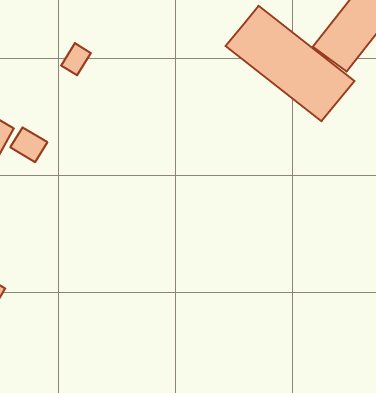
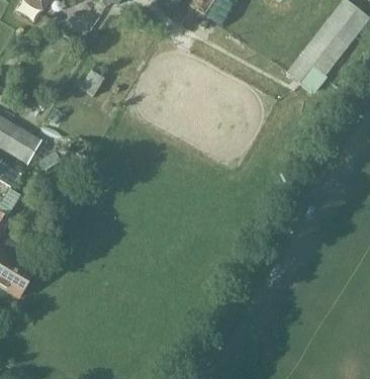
building: [225,6,355,121] -> none

